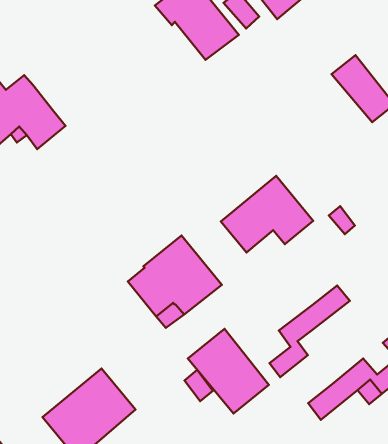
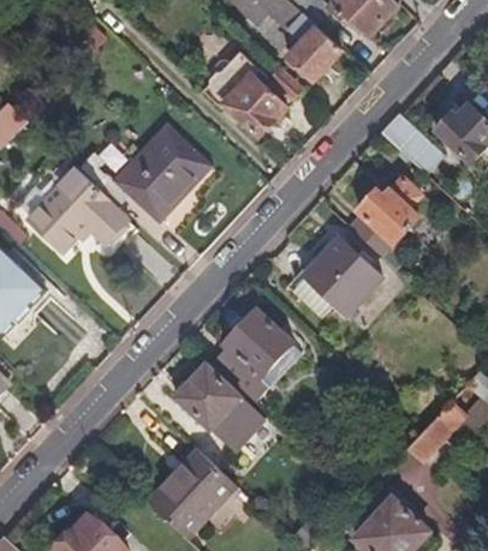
building: none -> [93,124,209,222]
building: none -> [350,176,422,254]
building: [270,286,350,377] -> none
building: [188,329,269,414] -> [174,363,256,443]

